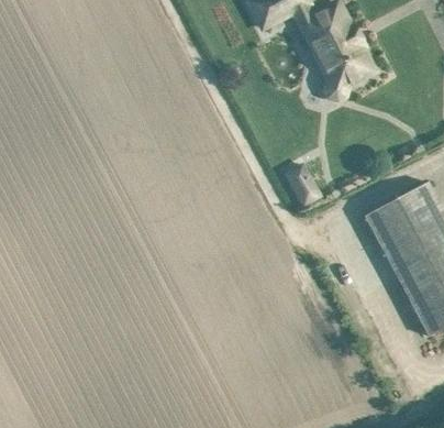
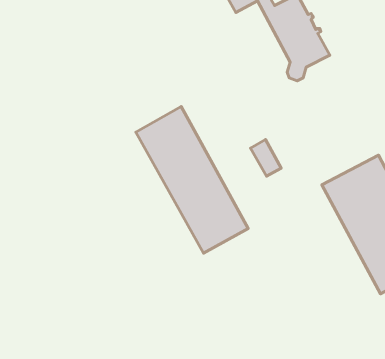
building: none -> [136,106,248,253]

